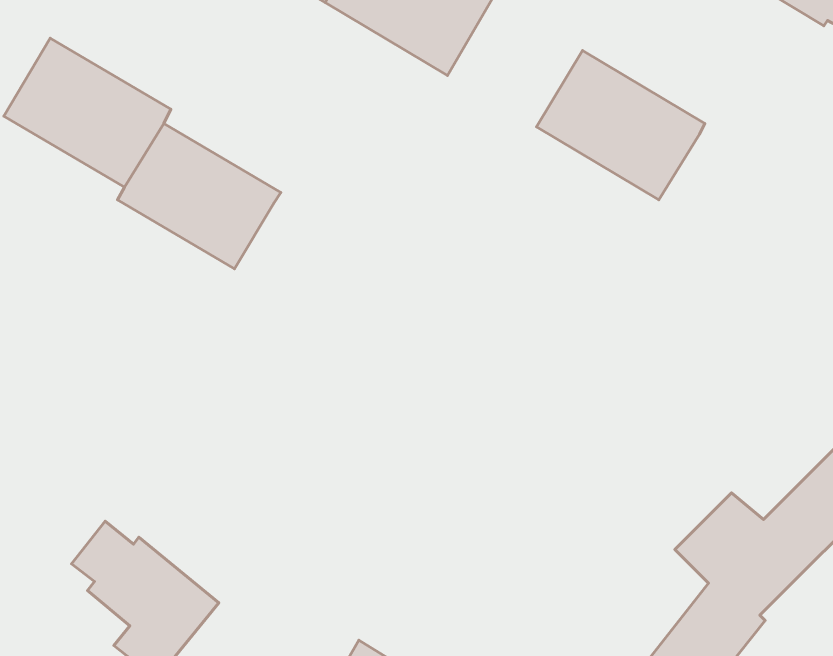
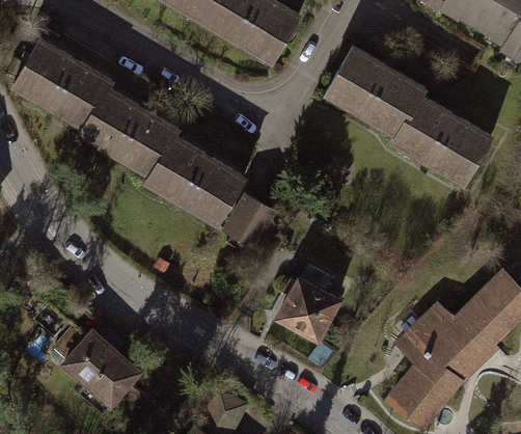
building: none -> [393,97,490,184]
building: none -> [145,137,242,223]
building: none -> [227,196,272,245]
building: none -> [279,266,336,340]

